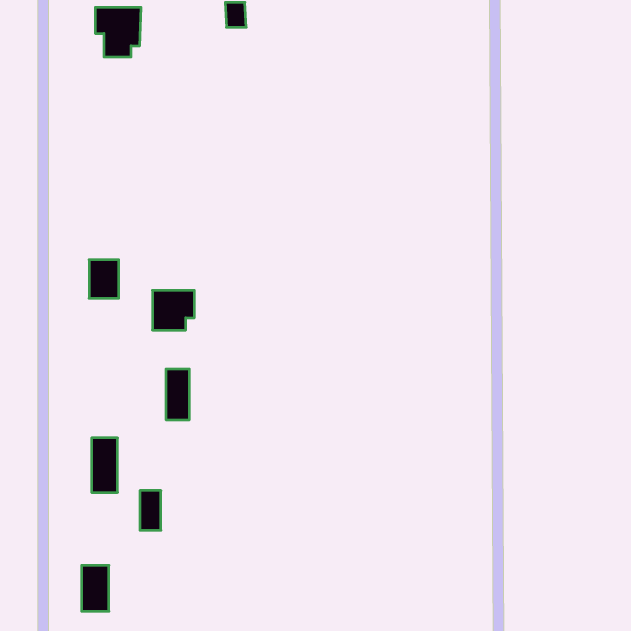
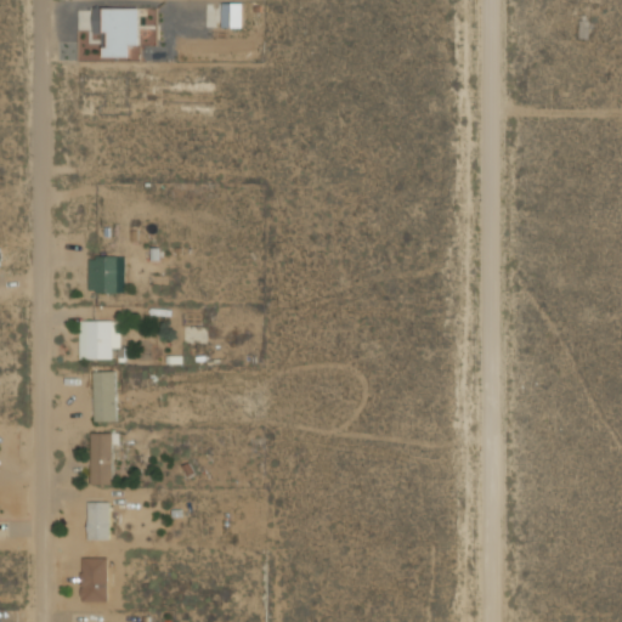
building: [152,290,194,330] -> [78,321,119,360]
building: [166,369,189,420] -> [92,371,115,420]
building: [140,491,161,530] -> [87,502,108,541]

